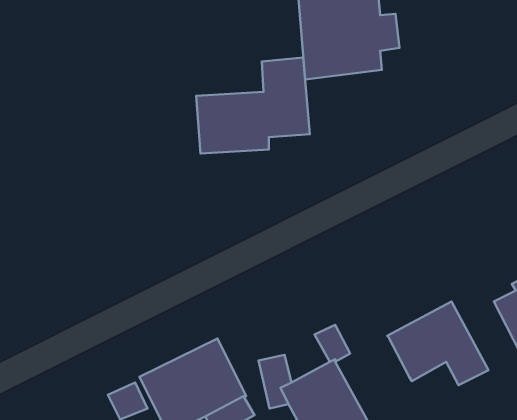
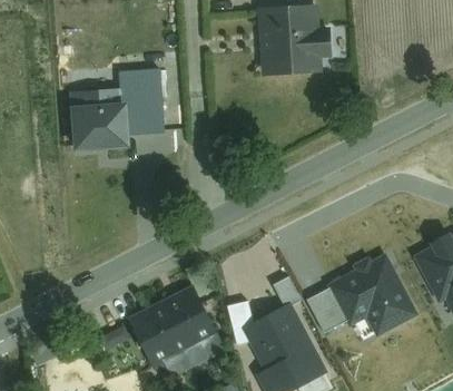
building: [196,58,310,153] -> [70,67,163,145]
building: none -> [306,286,348,332]

